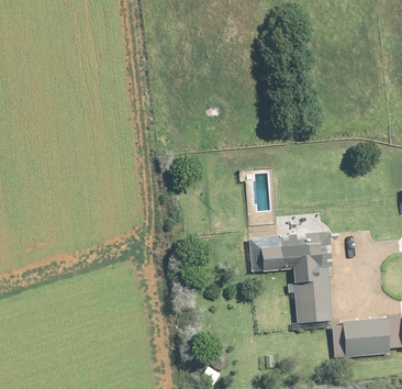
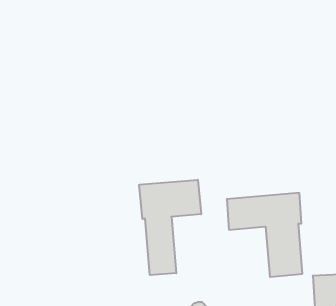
building: none -> [139,180,201,275]

